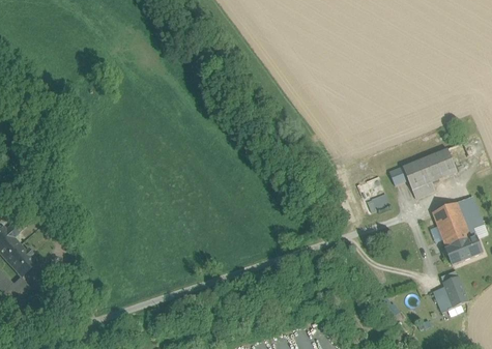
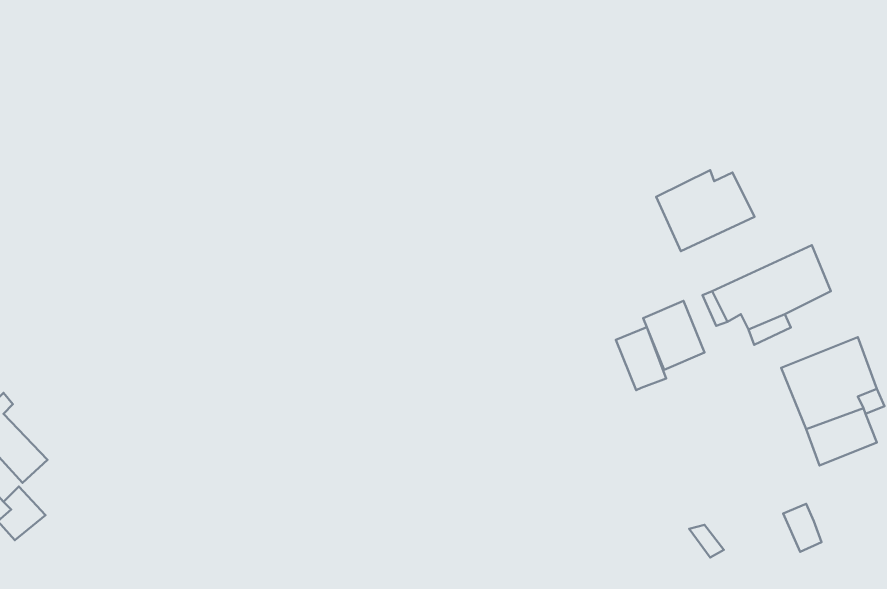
building: none -> [656,170,755,251]
building: none -> [616,327,666,390]
building: [440,269,468,307] -> none

